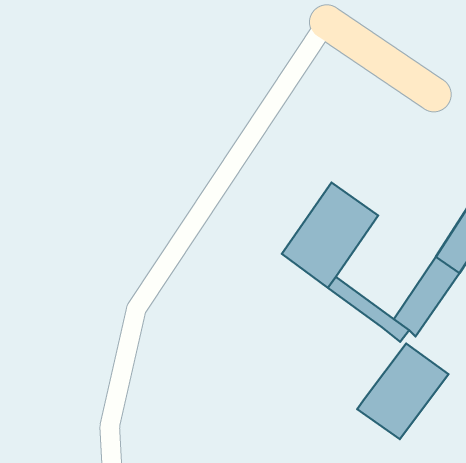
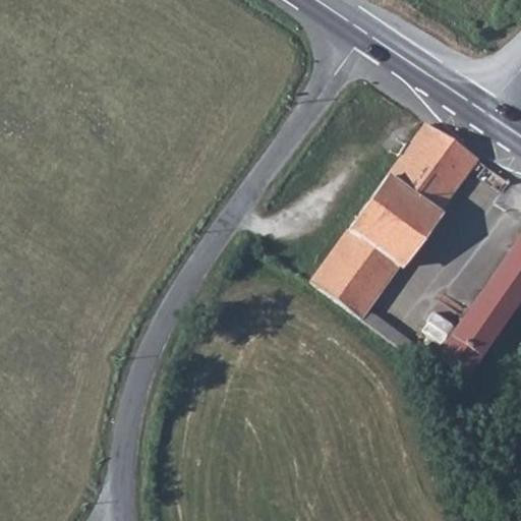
building: none -> [370,120,479,239]
building: [357,343,448,439] -> none

